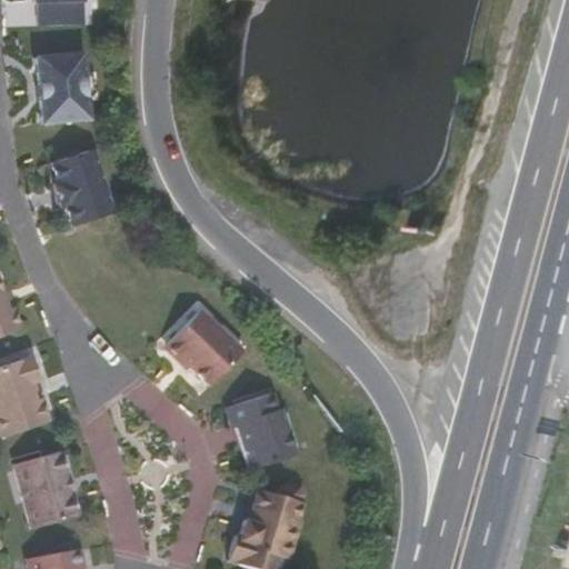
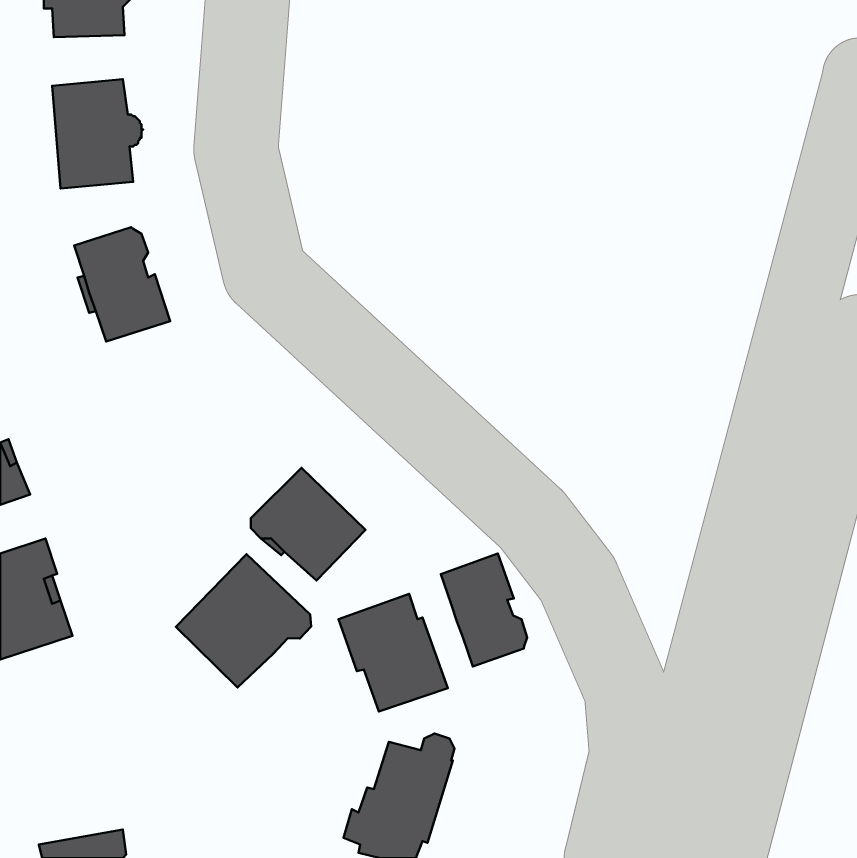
building: none -> [441,553,527,666]
building: none -> [176,554,311,687]
building: [11,450,79,529] -> none

